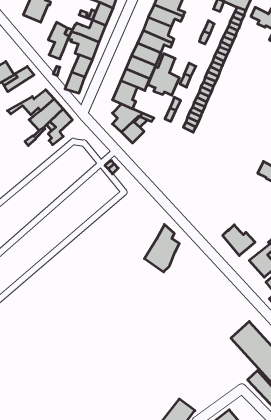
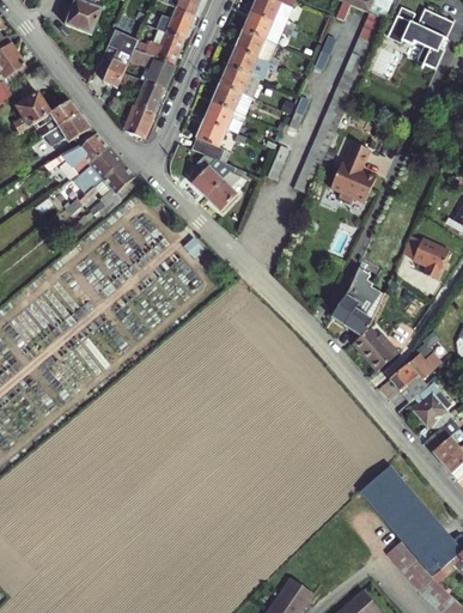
building: [148,54,179,95] -> [330,142,376,202]
building: none -> [42,111,90,142]
building: [144,224,179,272] -> [330,266,380,334]

